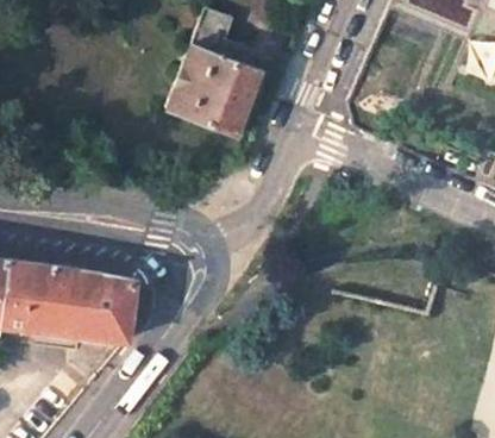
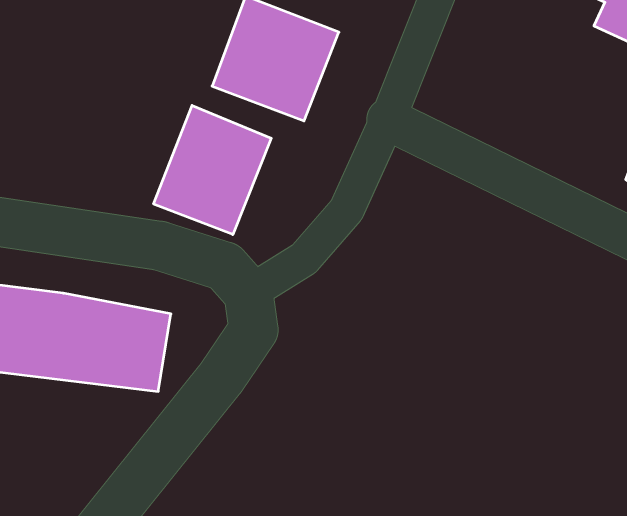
building: none -> [154,105,271,235]

